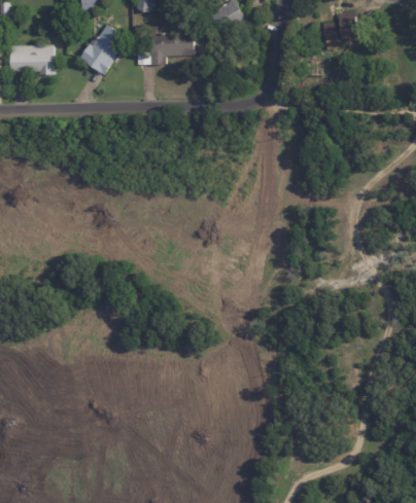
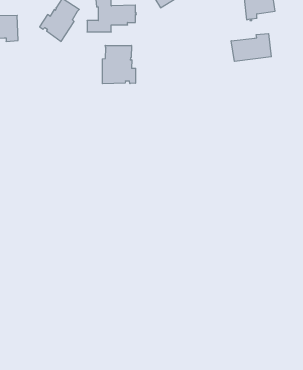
building: none -> [231,34,271,61]
building: none -> [102,45,136,84]

